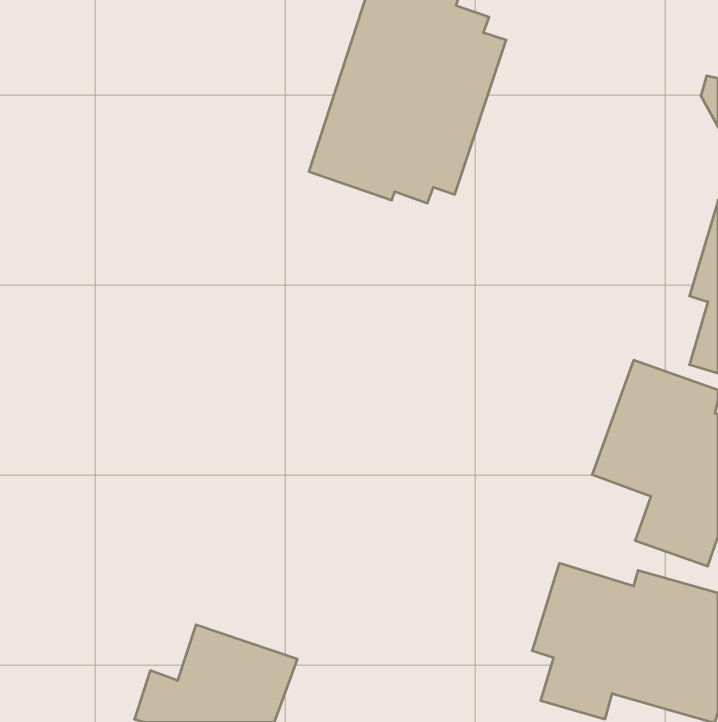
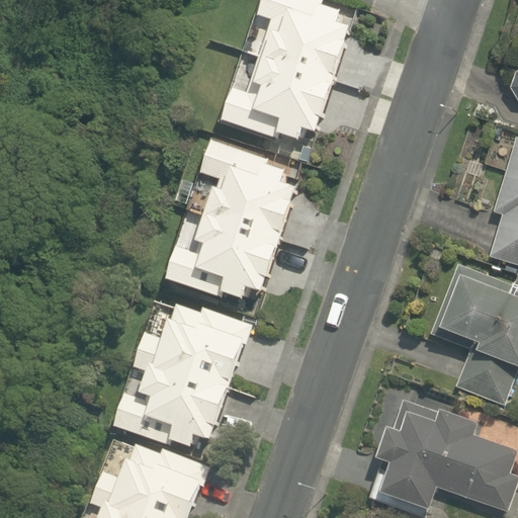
building: none -> [171,136,306,305]
building: none -> [121,304,259,454]

